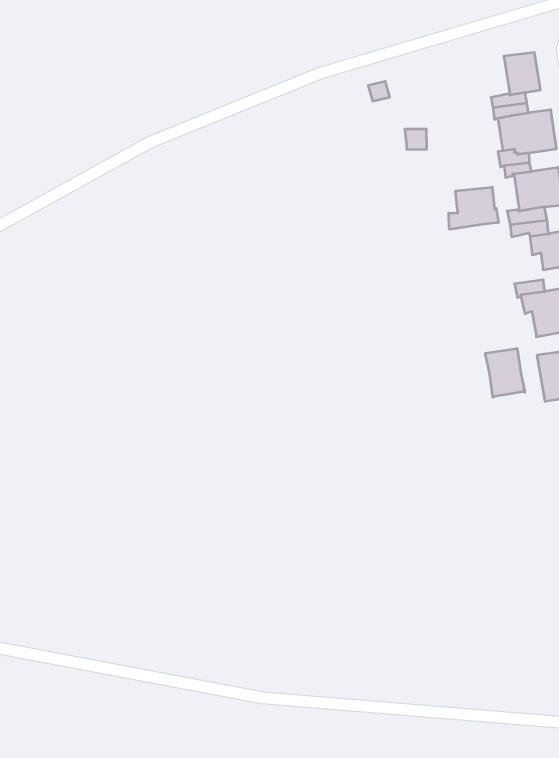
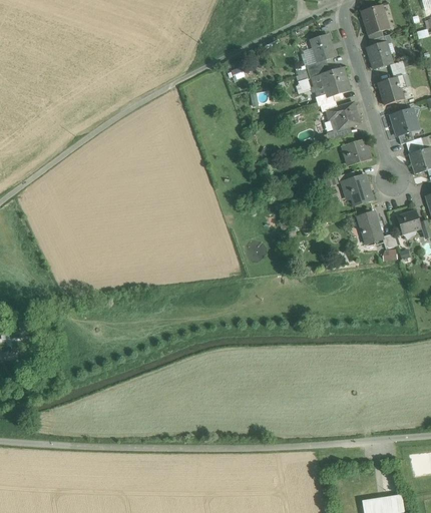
building: [449,187,498,229] -> none
building: [485,348,525,397] -> none

